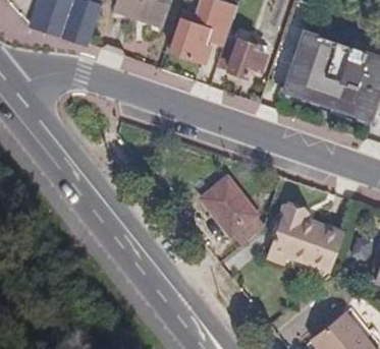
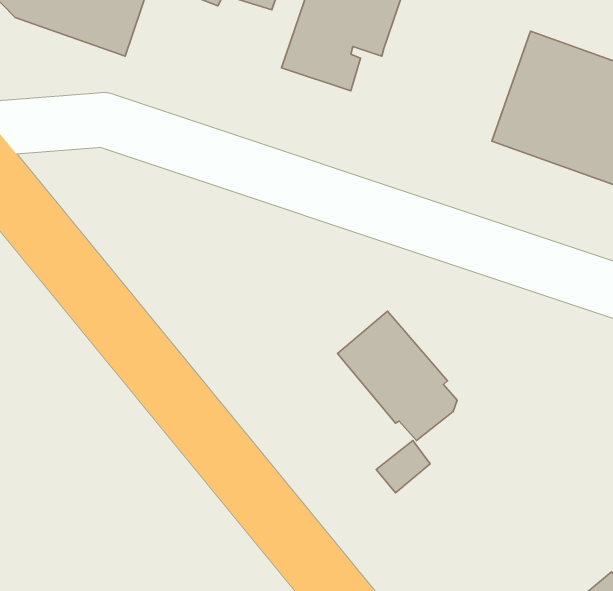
building: [216,37,264,75] -> none
building: [267,211,341,271] -> none

